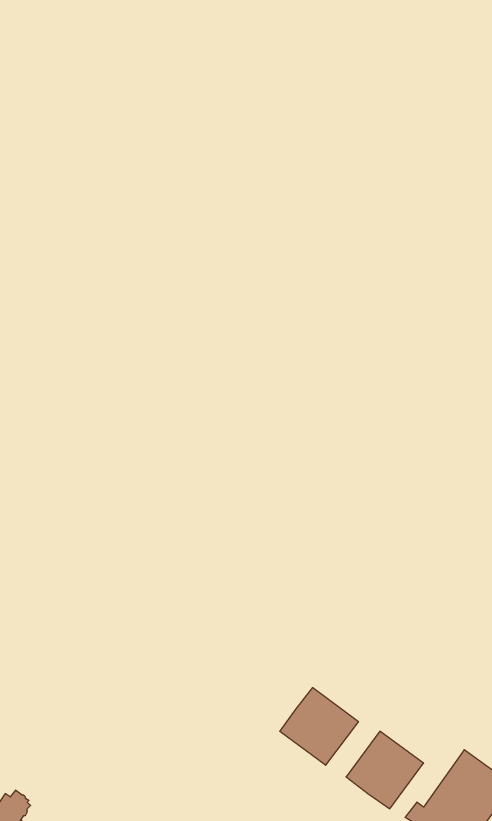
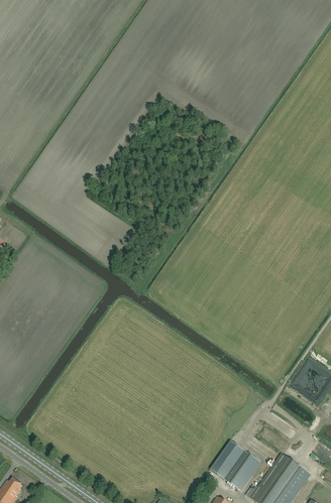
building: [280,688,358,765] -> none

